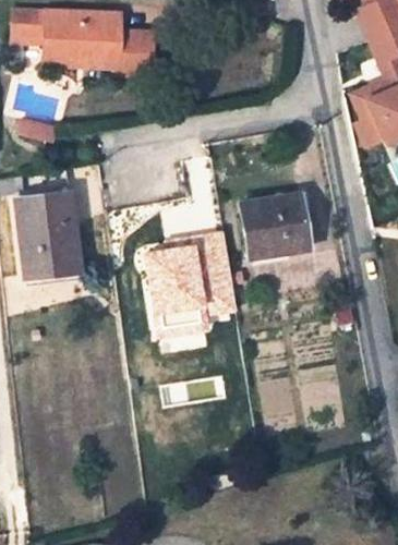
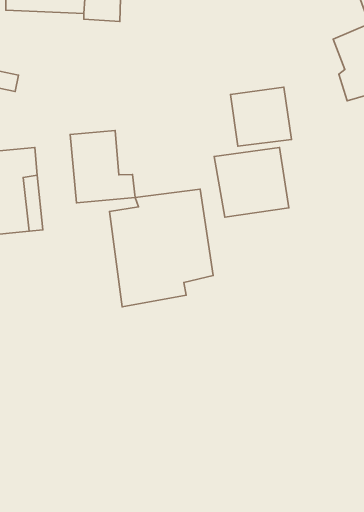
building: none -> [230,87,292,146]
building: none -> [70,130,135,203]

